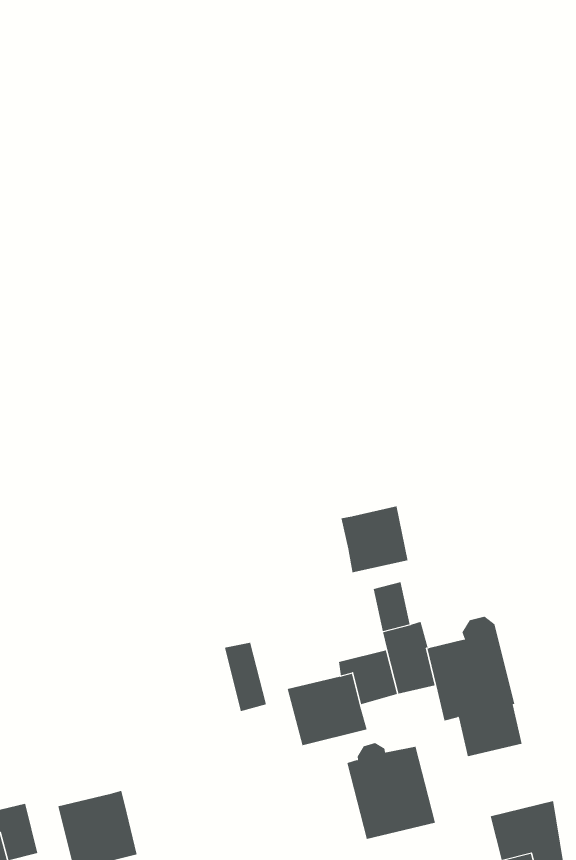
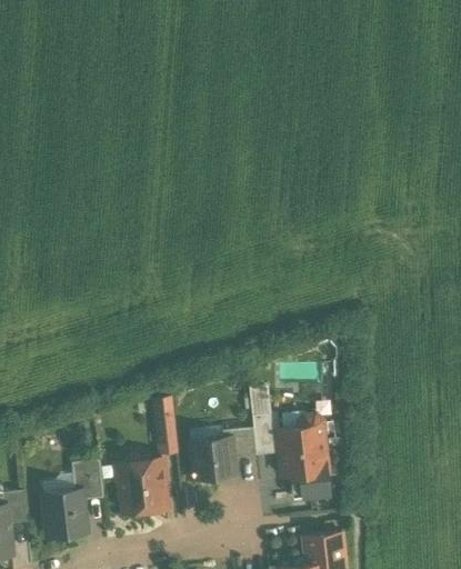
building: [341,506,408,573] -> none
building: none -> [71,458,103,498]
building: [347,742,436,839] -> [118,452,167,510]

